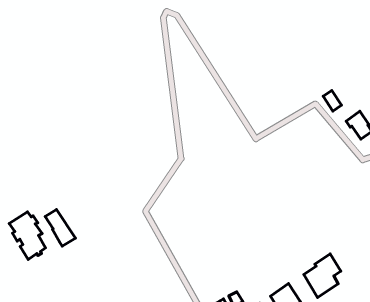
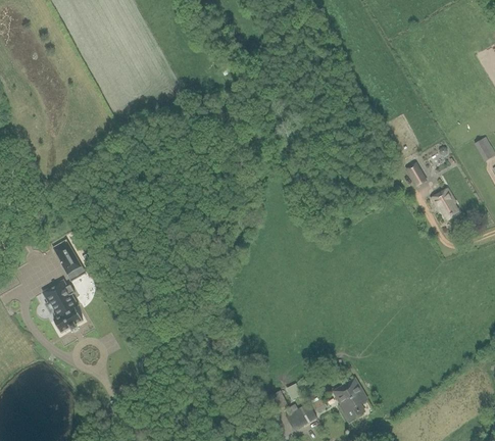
building: [45,209,75,246] -> [54,240,87,282]
building: [304,254,341,297] -> none

